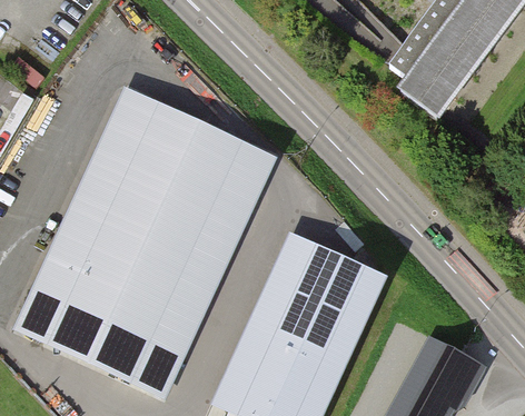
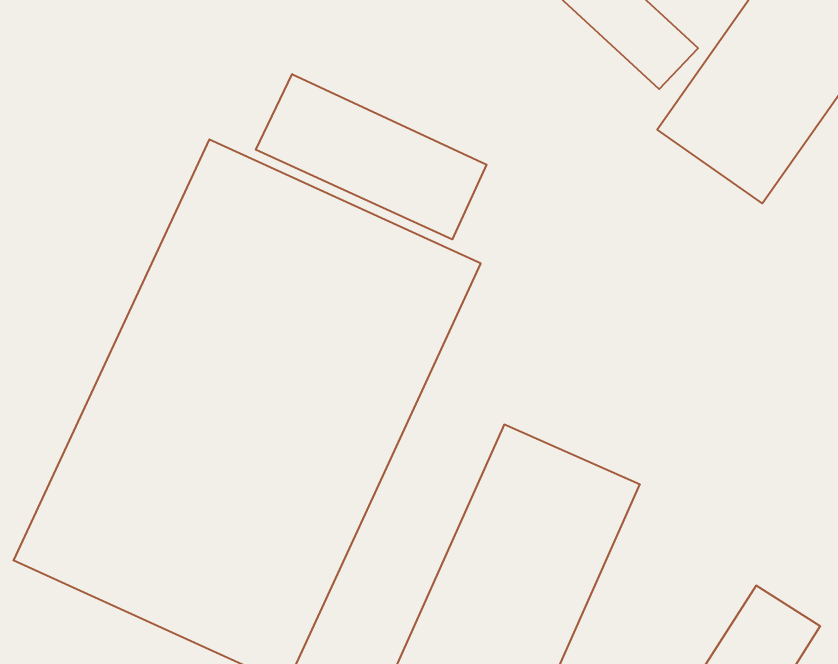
building: none -> [256,74,487,239]

